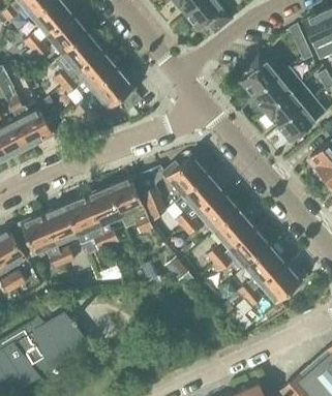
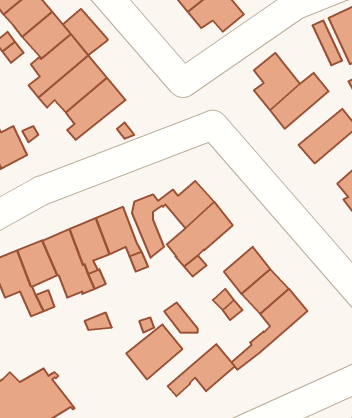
building: none -> [63,9,108,55]
building: [266,82,313,126] -> none
building: [199,193,239,232] -> none
building: [244,265,300,308] -> [168,344,235,396]
building: none -> [126,324,182,379]

